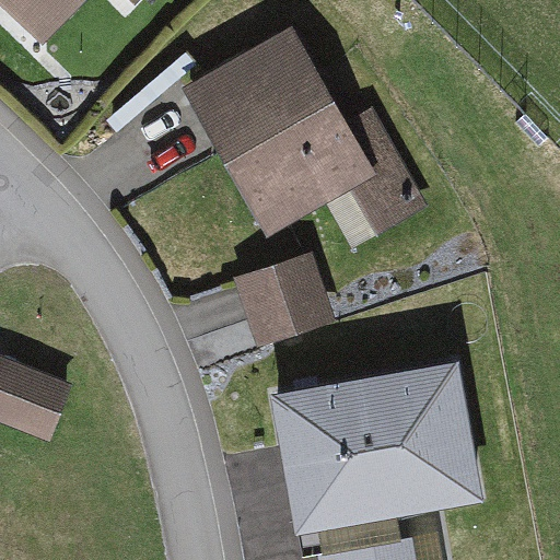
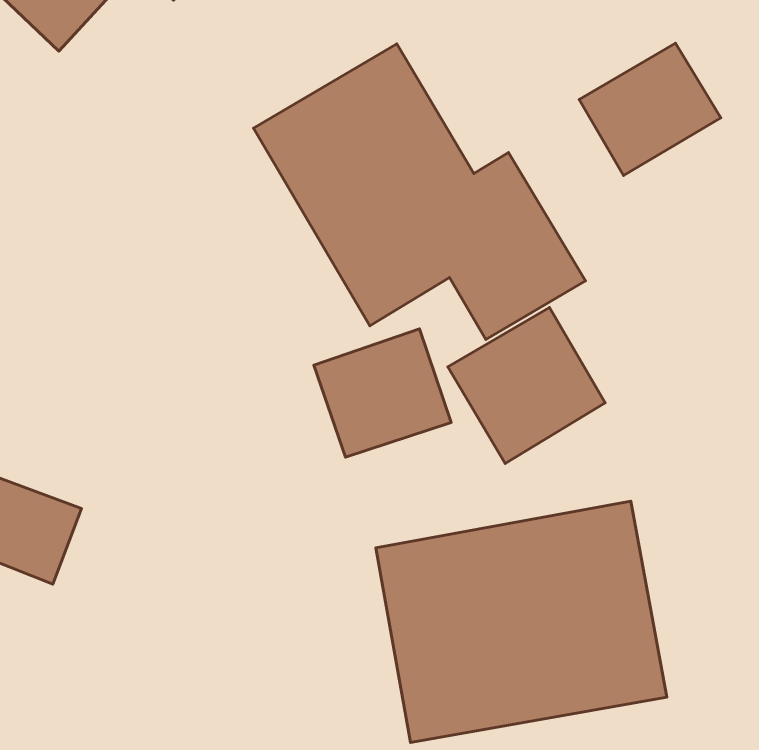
building: none -> [579,43,721,175]
building: none -> [448,307,605,463]

